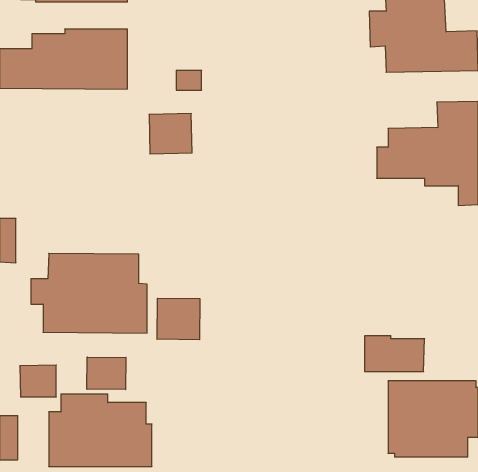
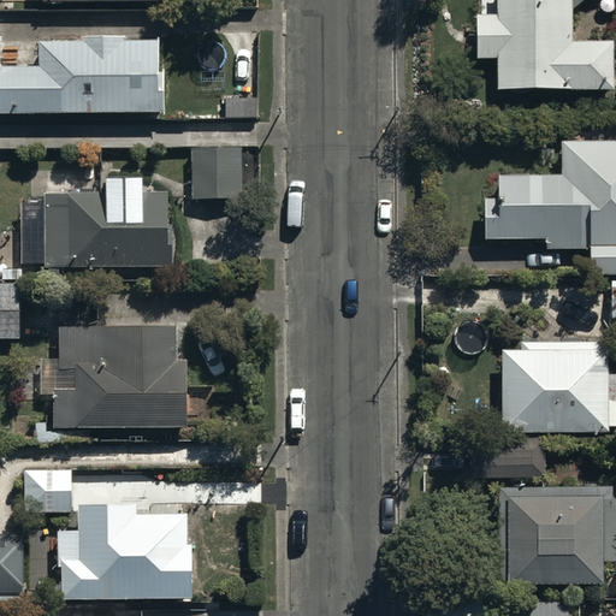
building: none -> [46,182,173,266]
building: none -> [499,327,604,416]
building: [157,298,200,340] -> none
building: [87,357,126,390] -> none

